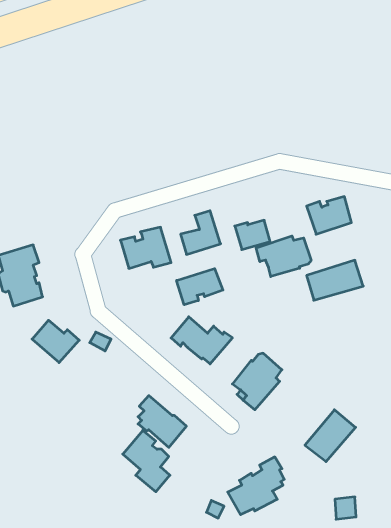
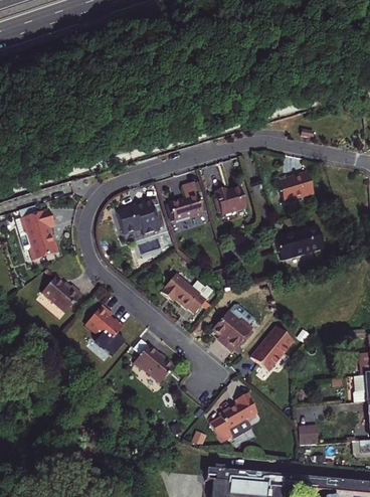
building: [256,236,311,277] -> none
building: [177,269,223,305] -> none
building: [305,410,356,462] -> [249,328,293,372]
building: [123,430,170,492] -> [84,303,125,355]

